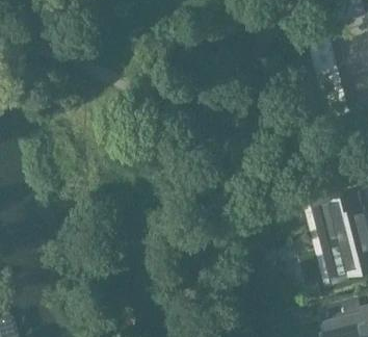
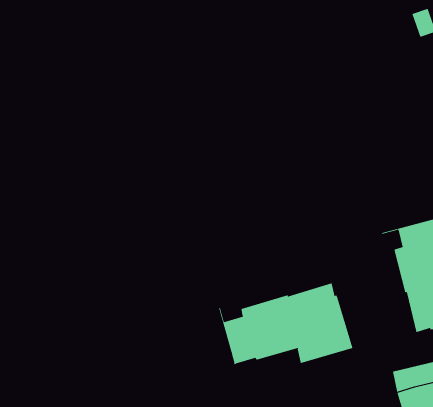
building: none -> [218,283,353,365]

